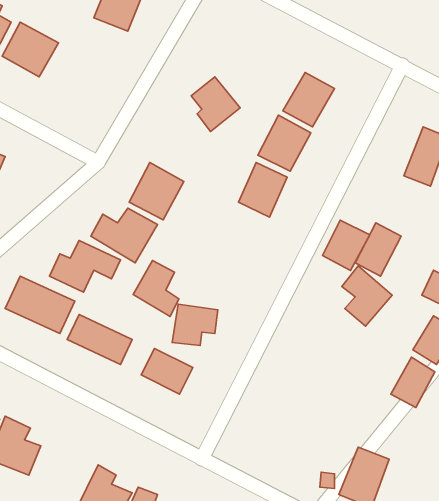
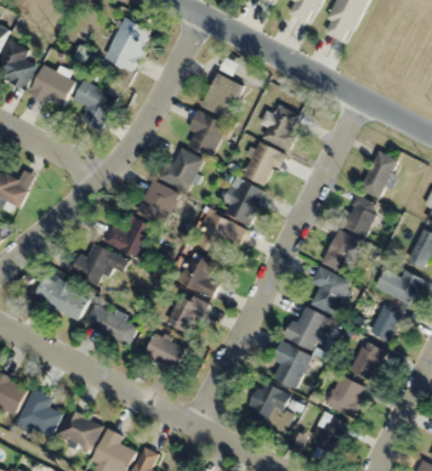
building: none -> [200,72,244,118]
building: none -> [74,79,118,130]
building: none -> [158,147,204,191]
building: none -> [197,212,246,254]
building: [322,220,370,270] -> [341,194,380,235]
building: [133,261,179,317] -> [182,252,220,299]
building: none -> [285,303,332,352]
building: none -> [271,340,313,388]
building: none -> [325,374,368,418]
building: none -> [245,380,296,433]
building: none -> [58,408,103,449]

